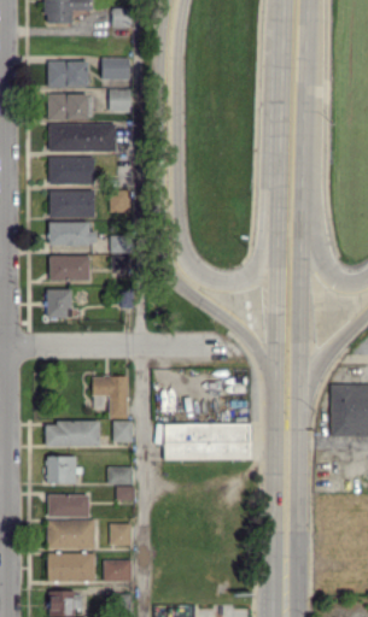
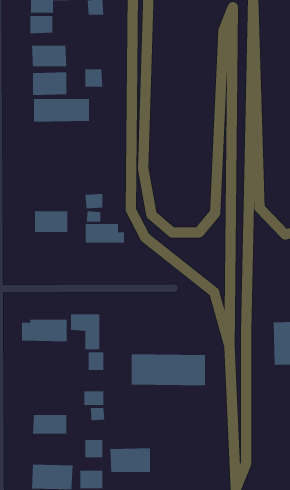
building: [101,58,129,80] -> [30,15,53,34]
building: [48,157,94,184] -> none
building: [48,189,94,217] -> none
building: [48,222,95,245] -> [85,224,125,243]
building: [46,288,70,318] -> none
building: [45,421,99,447] -> [21,319,68,342]
building: [46,456,78,483] -> none
building: [46,519,94,548] -> [110,448,151,472]

